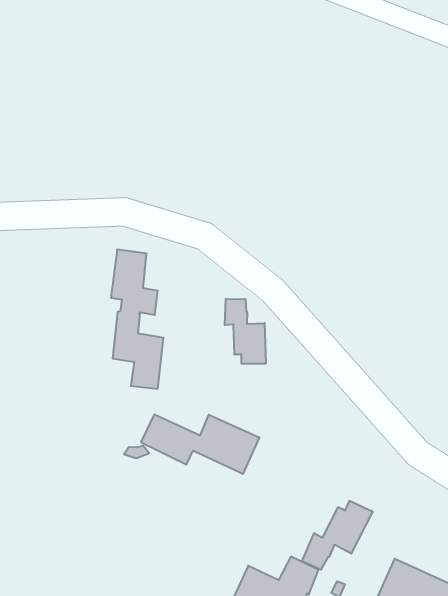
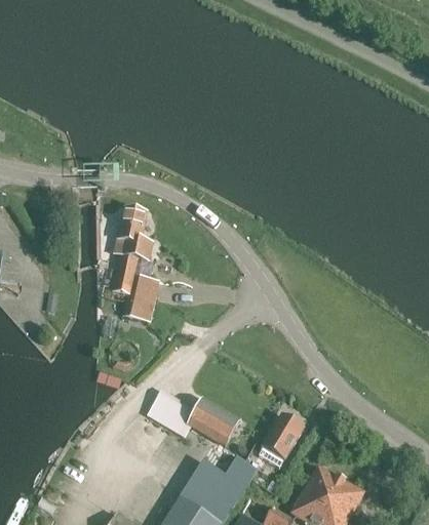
building: [225,299,266,364] -> none
building: [141,415,260,474] -> [147,394,239,446]

